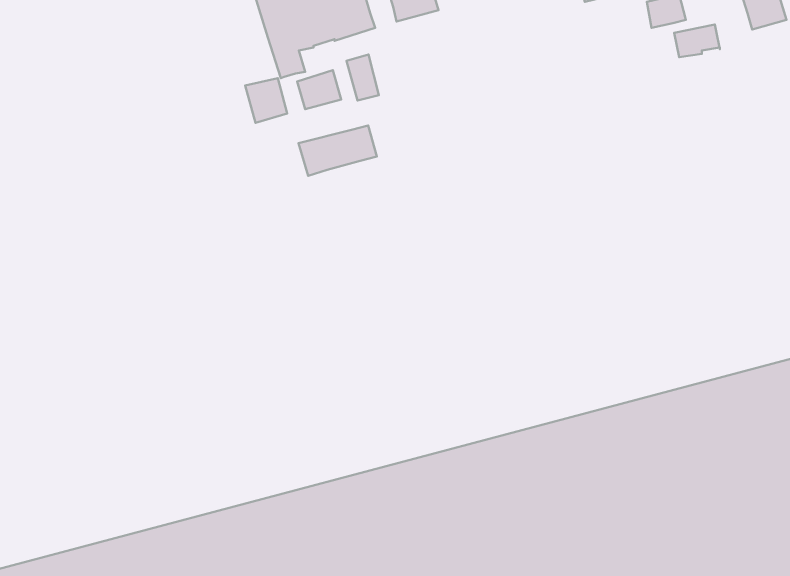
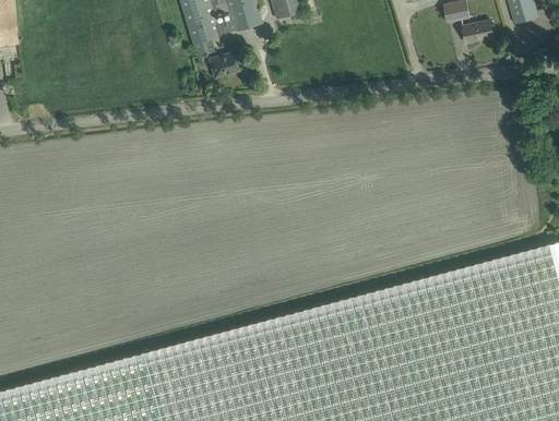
building: [346,55,379,101] -> none
building: [245,78,287,123] -> none
building: [299,125,377,176] -> none

